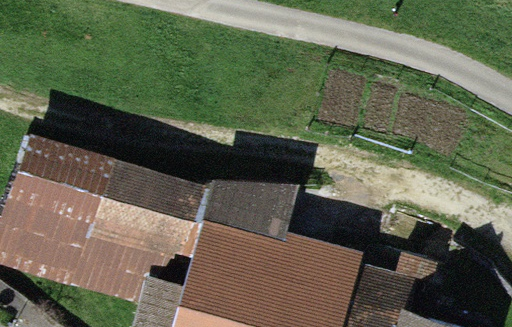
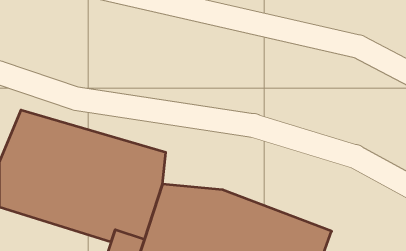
building: [211,181,290,235] -> none

